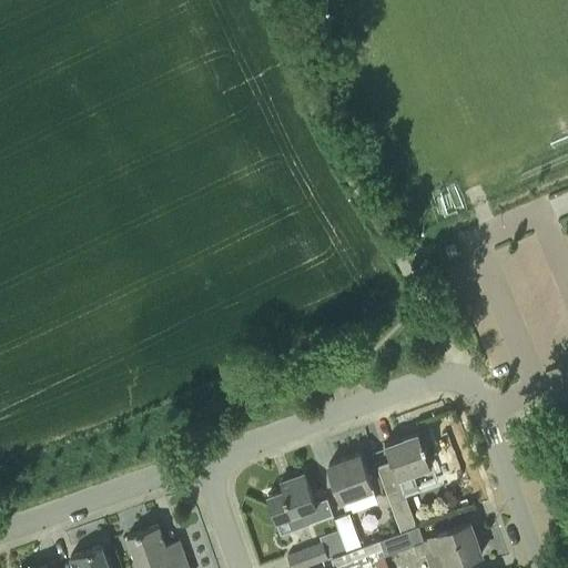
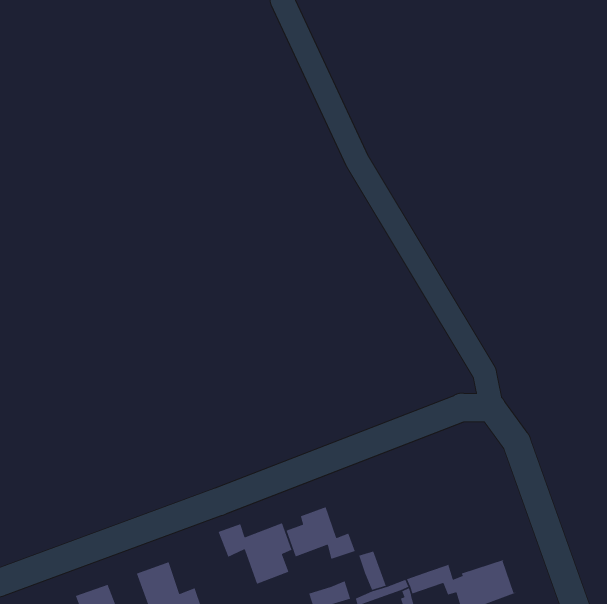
building: [376,434,430,536] -> none
building: [328,456,375,513] -> none
building: none -> [218,522,293,585]

